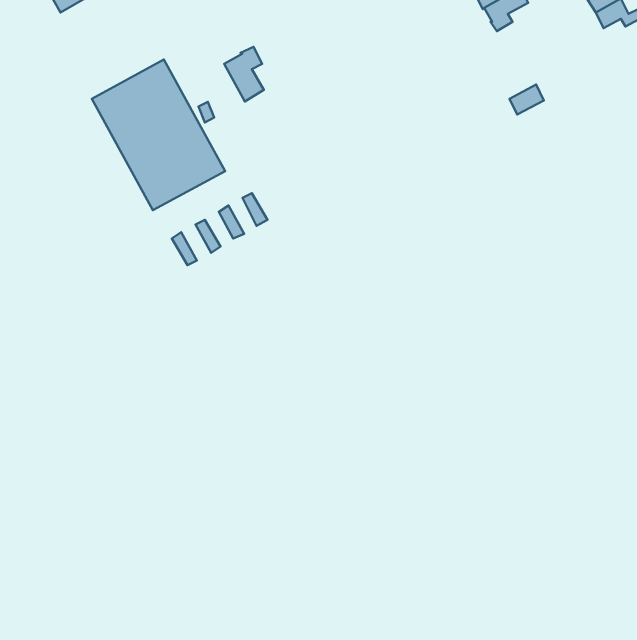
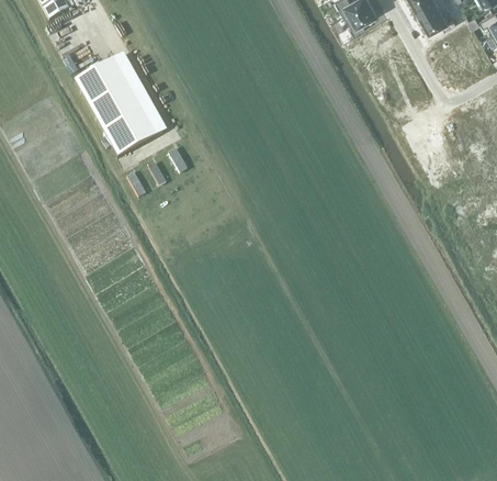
building: [224,47,264,101] -> none

